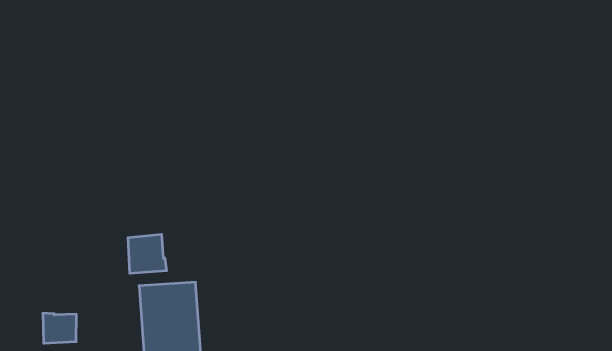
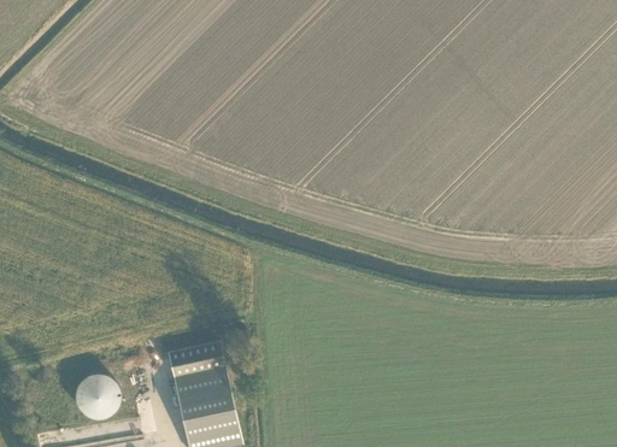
building: [128,234,167,273] -> none

